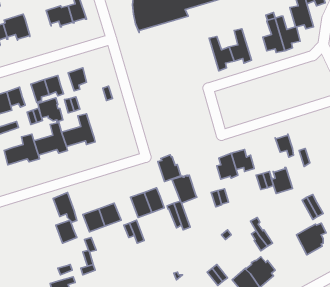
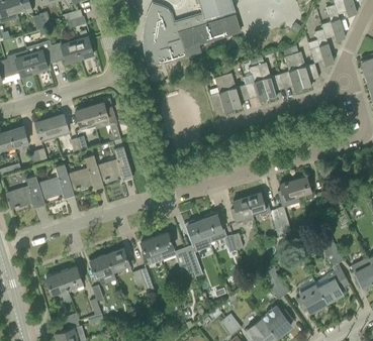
building: none -> [27,41,57,74]
building: none -> [258,63,284,99]
building: none -> [210,76,234,112]
building: [38,98,63,122] -> [90,101,116,126]
building: none -> [97,146,132,181]
building: [158,155,181,182] -> [202,213,226,241]
building: [271,168,292,193] -> [278,181,300,208]
building: [53,193,77,222] -> [46,272,72,304]
building: none -> [298,282,327,312]

